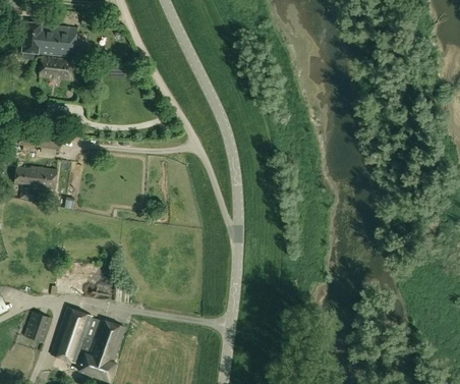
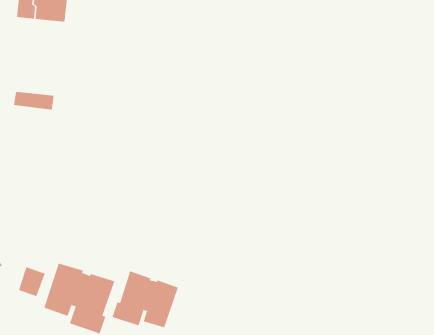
building: [41,57,73,80] -> none
building: [14,166,57,190] -> none
building: none -> [112,271,179,328]

